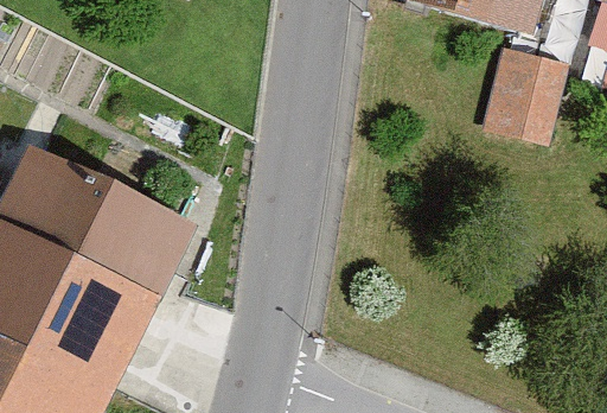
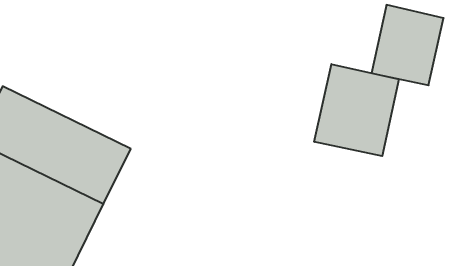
building: none -> [314,64,399,156]

